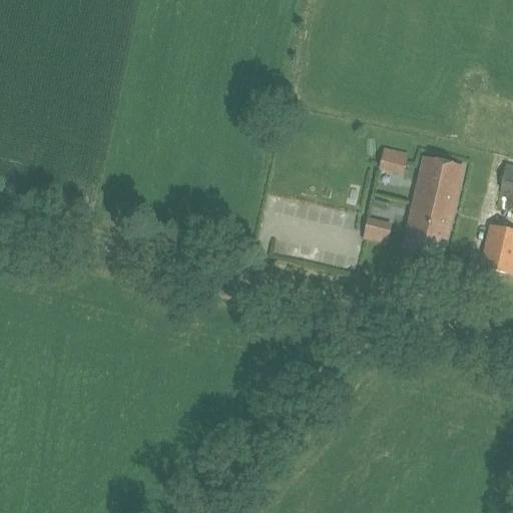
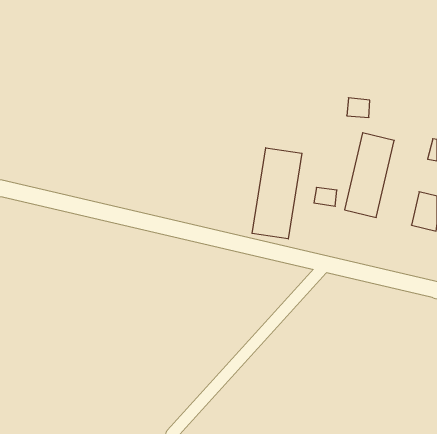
building: [384,146,411,169] -> [347,98,370,117]
building: none -> [252,148,302,239]

